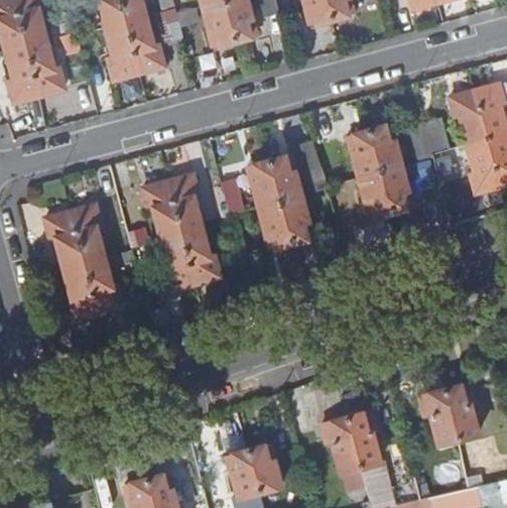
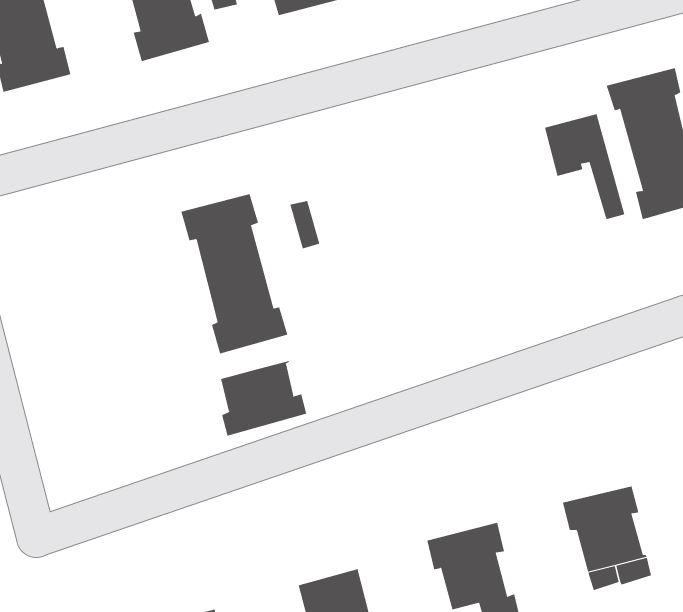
building: [348,124,414,219] -> none
building: [248,142,325,249] -> none
building: [46,205,124,321] -> none
building: none -> [220,360,307,436]

